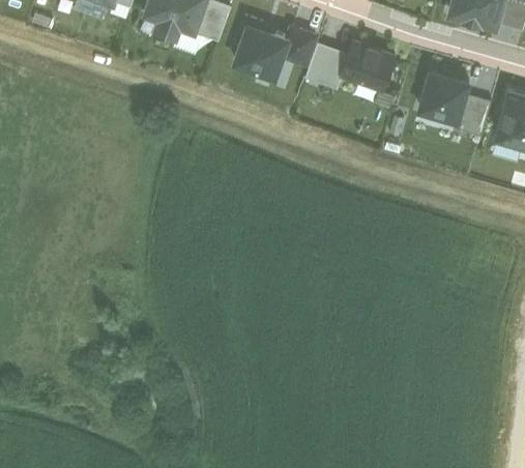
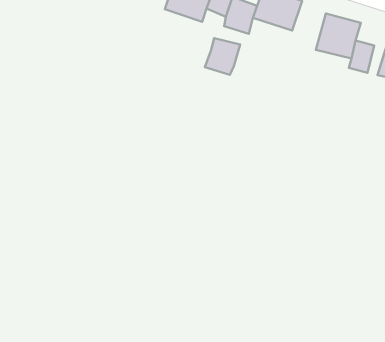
building: none -> [205,38,240,75]

